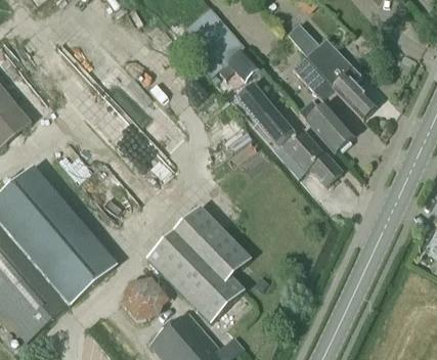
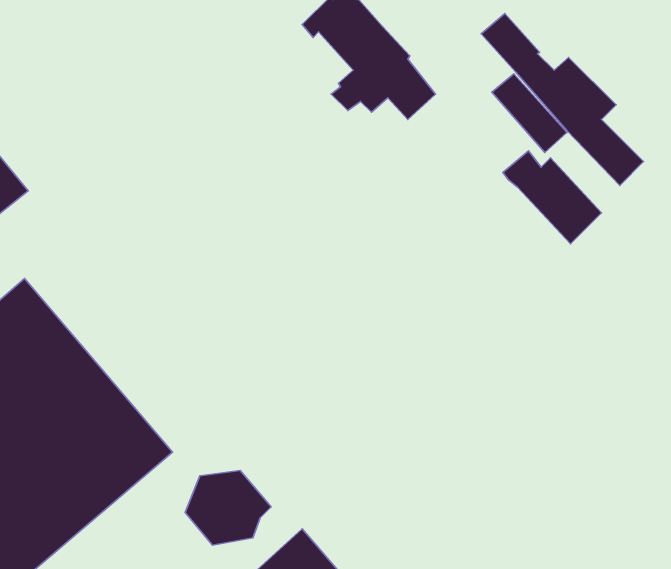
building: [234,81,295,146] -> none
building: [282,131,341,185] -> none
building: [146,206,250,321] -> none

